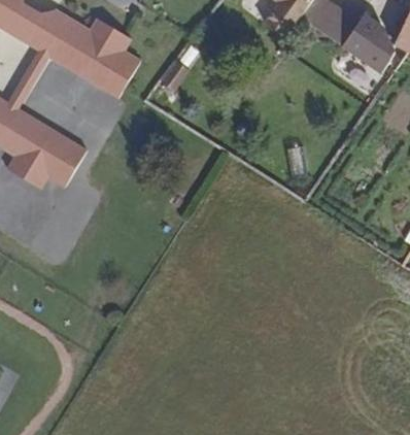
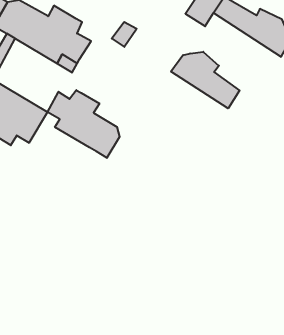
building: none -> [171,52,240,108]
building: none -> [47,90,120,158]

